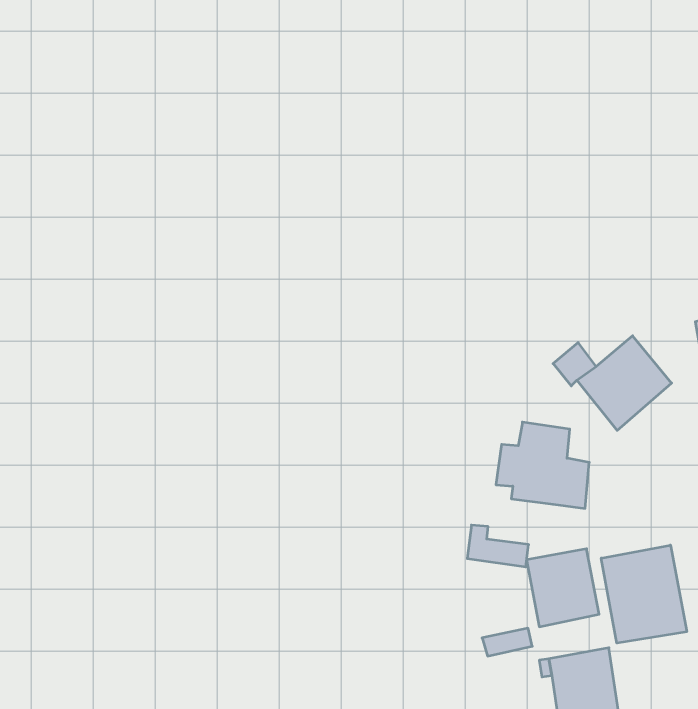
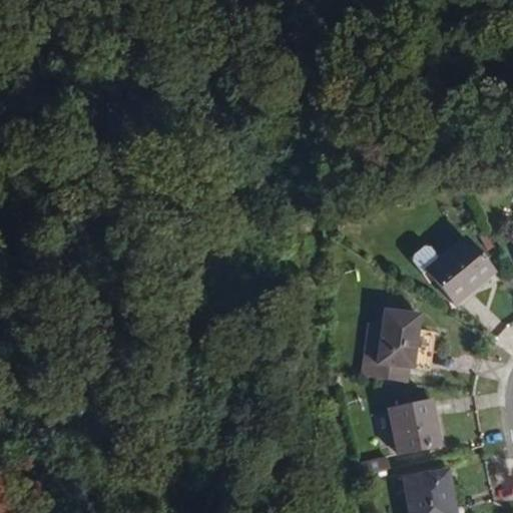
building: [467,525,529,567] -> [364,351,408,381]
building: [601,545,687,643] -> none

